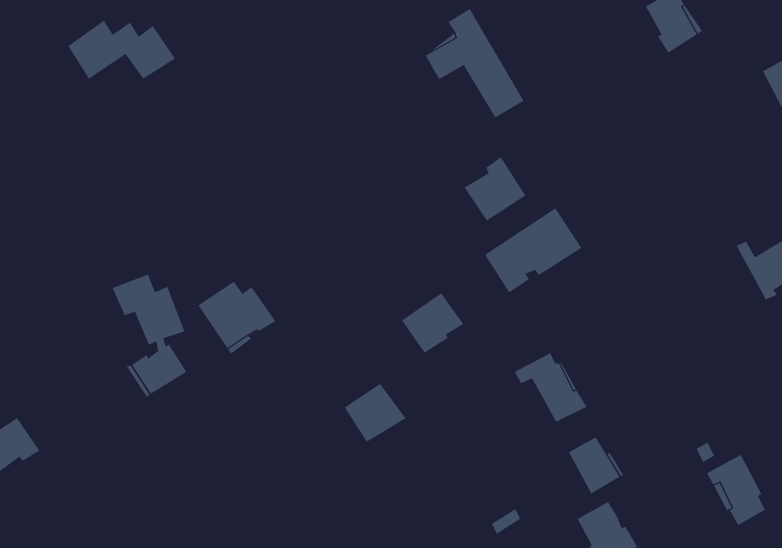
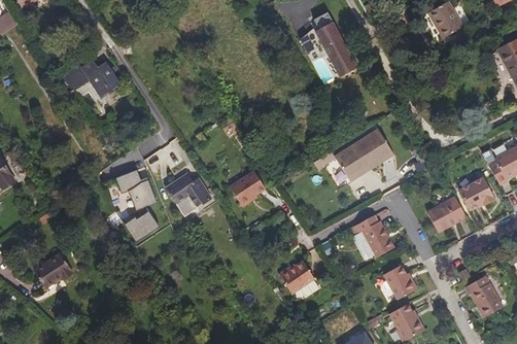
building: [68,20,176,79] -> [56,59,119,94]
building: [464,156,526,221] -> none
building: none -> [459,177,494,209]
building: [401,292,464,354] -> [230,170,267,206]
building: none -> [426,196,466,233]
building: [344,383,407,443] -> [279,259,316,294]

